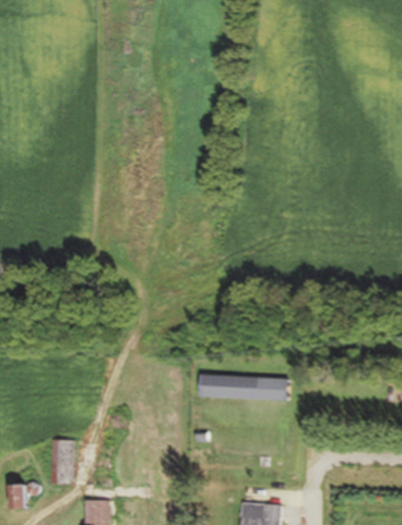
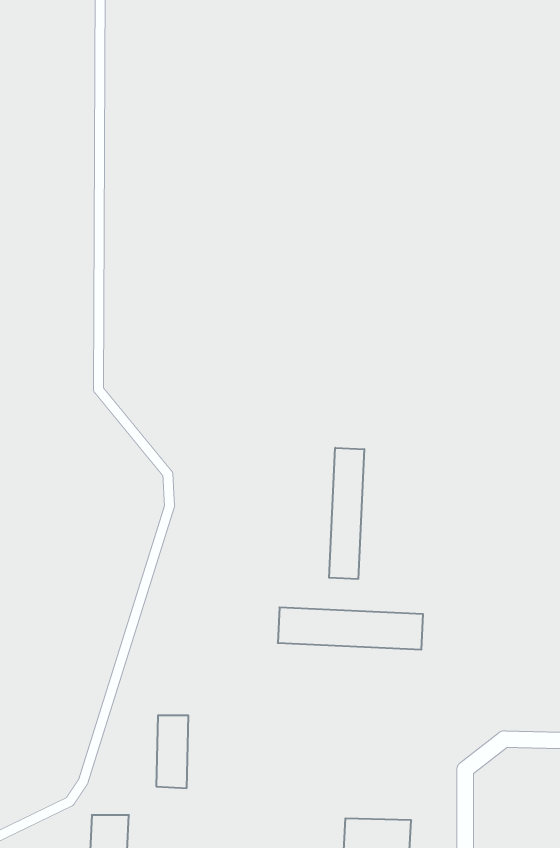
building: none -> [329,448,364,579]
building: [54,440,74,484] -> [156,715,188,788]

